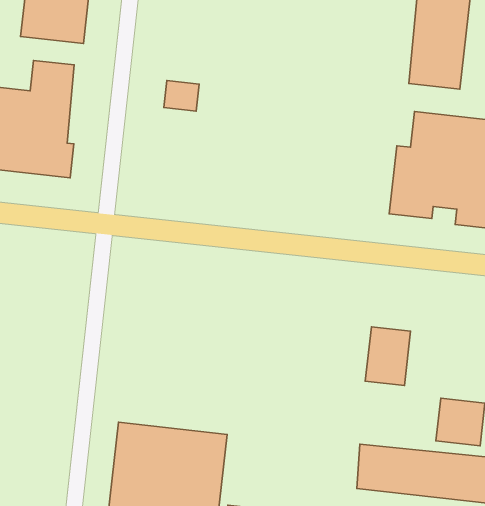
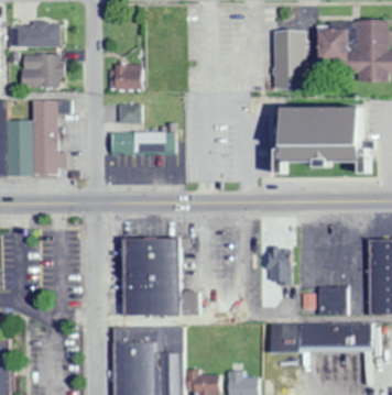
building: none -> [108,65,142,89]
building: none -> [111,132,174,154]
building: none -> [118,237,181,315]

